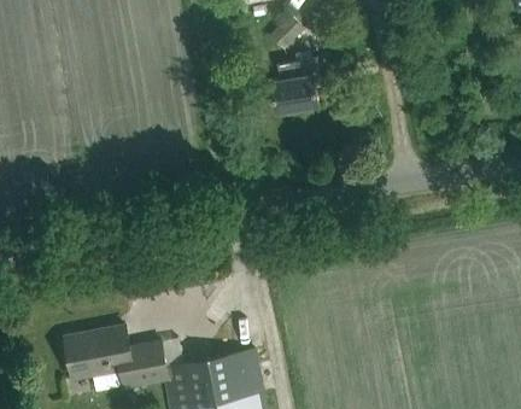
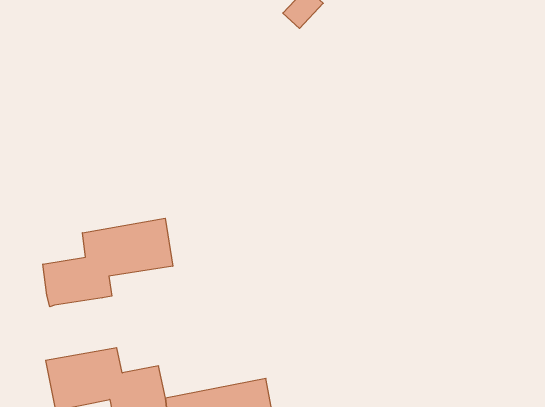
building: [269,54,320,112] -> none
building: none -> [43,218,173,307]

